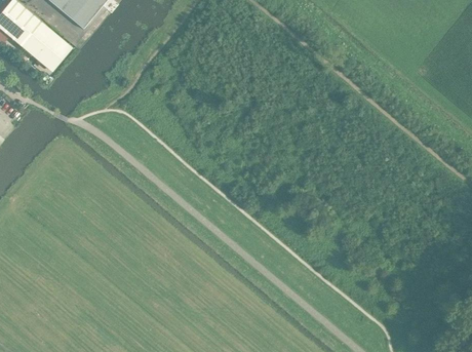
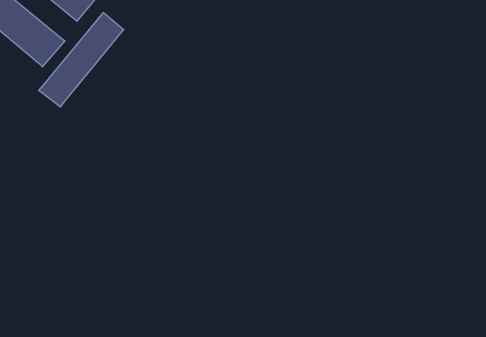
building: none -> [39,13,124,107]

